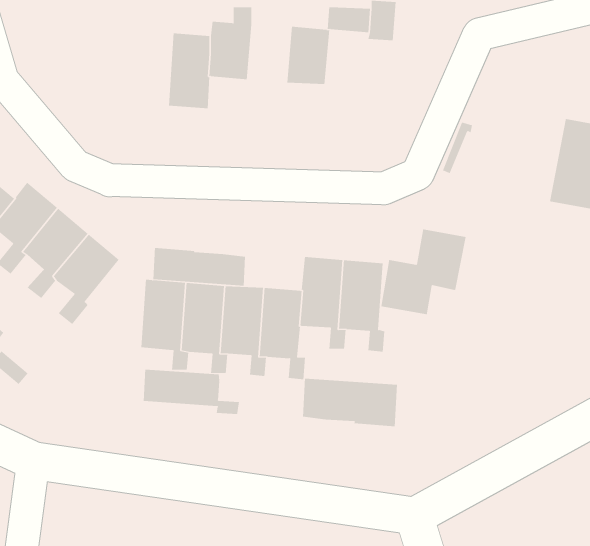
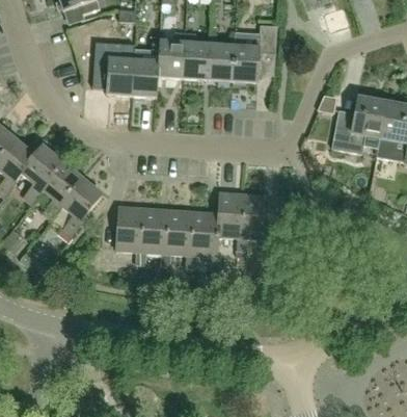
building: none -> [183,31,211,80]
building: none -> [93,41,135,95]
building: none -> [233,46,261,83]
building: [380,229,466,320] -> [331,98,386,156]
building: [153,247,245,286] -> none
building: [143,369,240,415] -> none
building: [303,378,398,427] -> none

